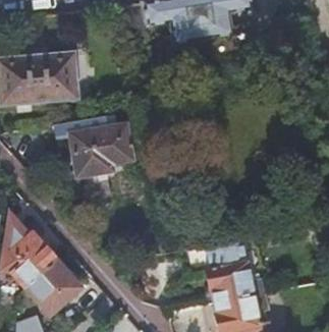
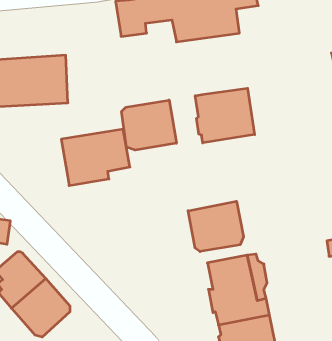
building: none -> [195,88,255,143]
building: none -> [122,100,176,150]
building: none -> [188,201,243,252]

